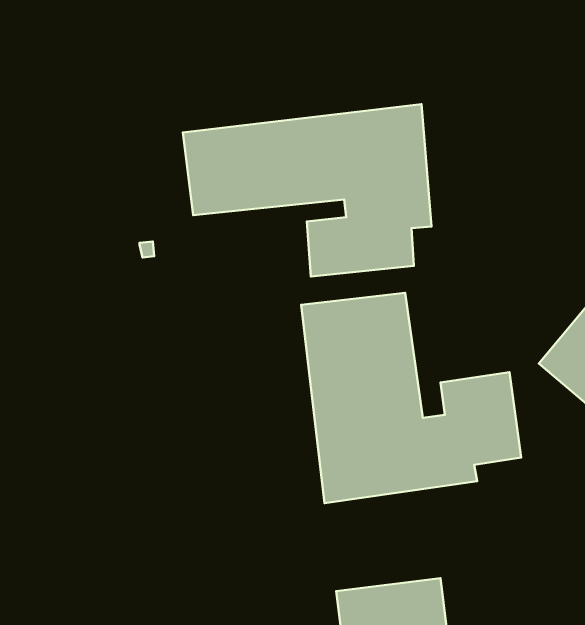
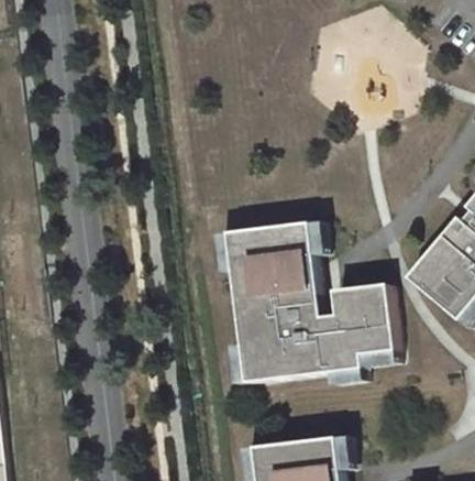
building: [183,104,431,277] -> none

